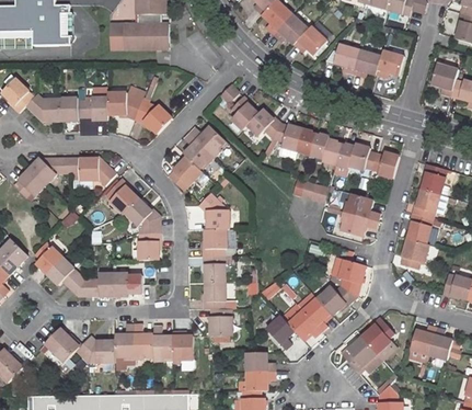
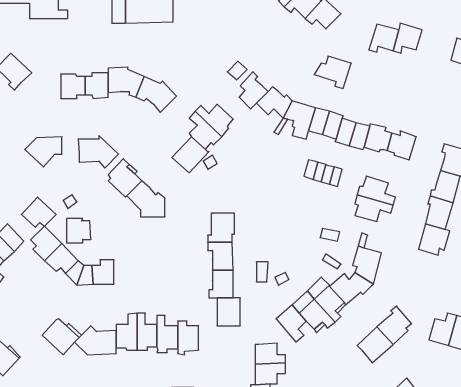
building: [326,44,361,75] -> [314,56,351,89]
building: [25,93,62,124] -> none
building: [13,169,46,197] -> [21,197,56,227]
building: [198,192,229,229] -> none
building: [138,232,161,260] -> none
building: [113,273,136,296] -> [67,219,91,243]

